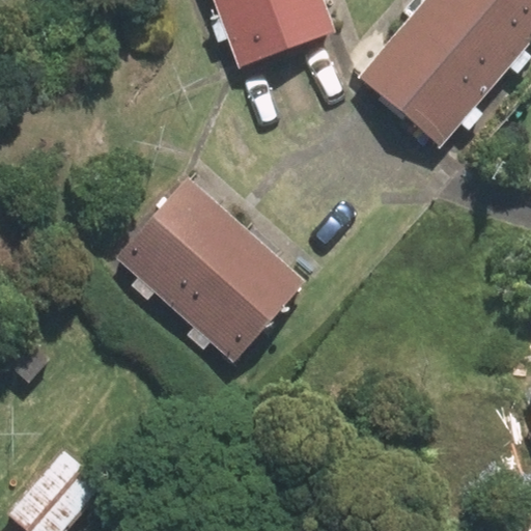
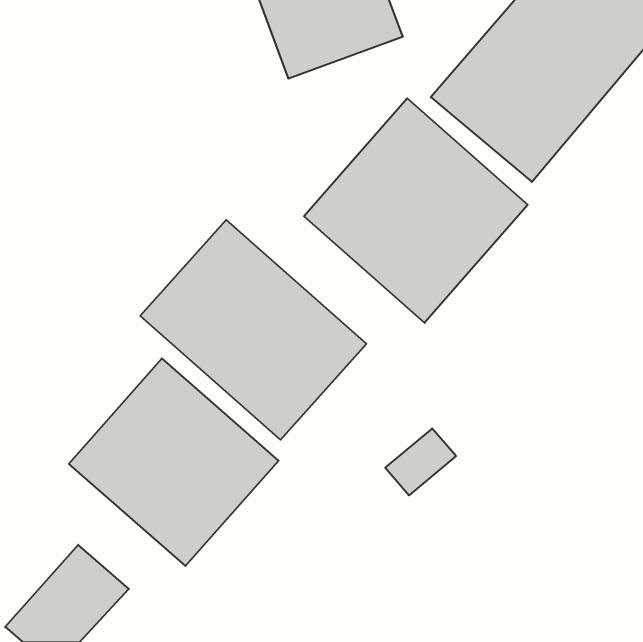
building: none -> [304,98,528,323]
building: none -> [69,358,279,566]

